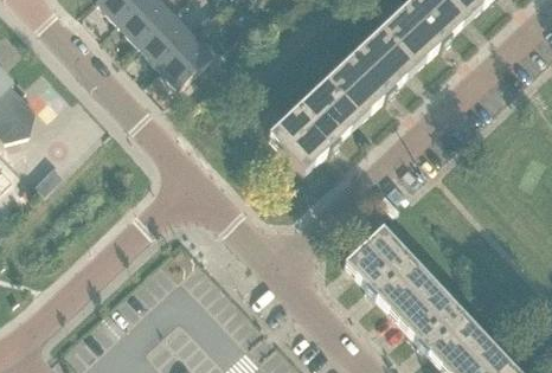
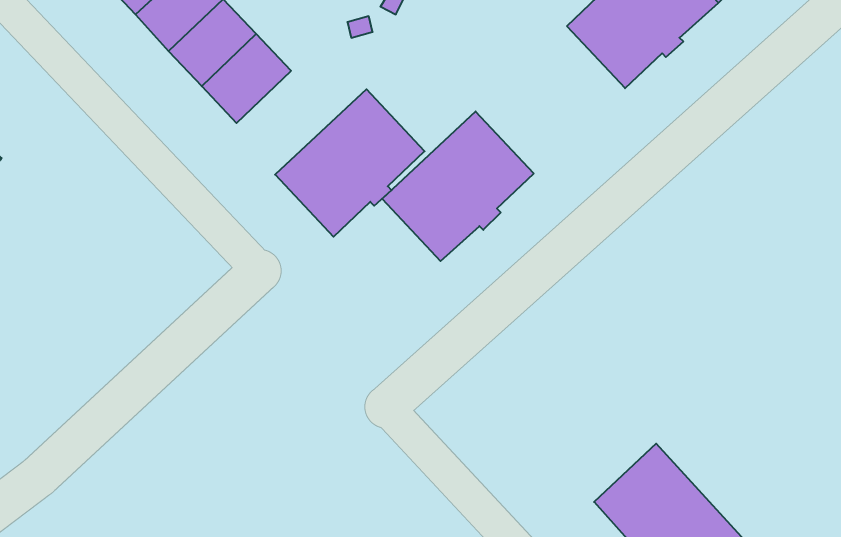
building: [323,27,415,117] -> [275,89,425,237]
building: [342,225,434,317] -> none

